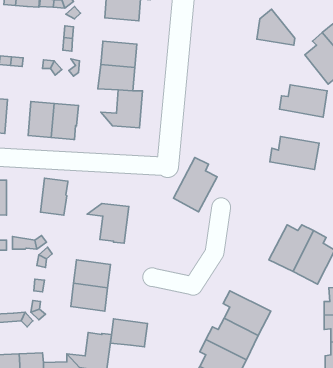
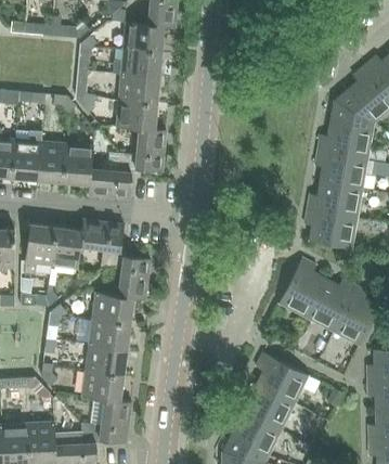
building: [257,9,295,45] -> [330,90,373,130]
building: none -> [121,49,161,78]
building: none -> [12,140,41,180]
building: none -> [315,151,367,189]
building: none -> [88,153,132,199]
building: [173,157,217,212] -> [278,258,327,319]
building: none -> [306,209,358,248]
building: none -> [80,220,124,268]
building: none -> [25,224,56,266]
building: none -> [92,293,133,324]
building: [110,319,147,347] -> [82,371,124,402]

